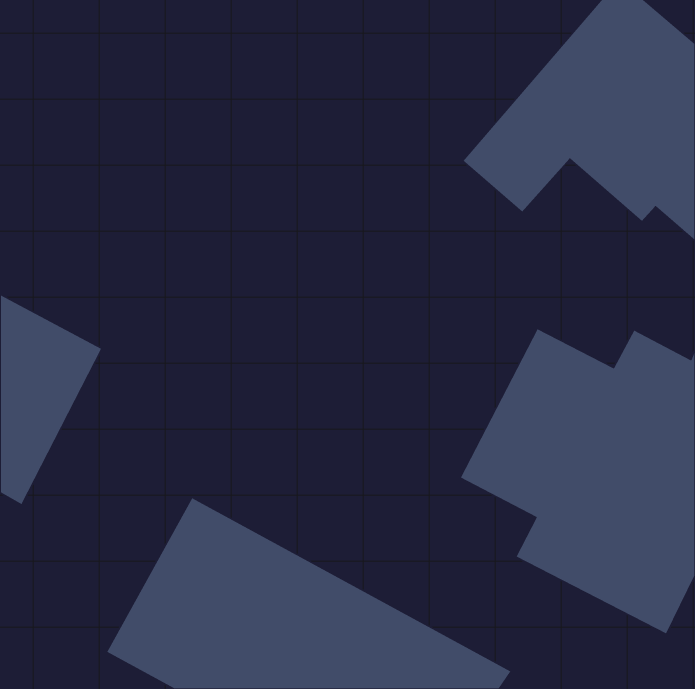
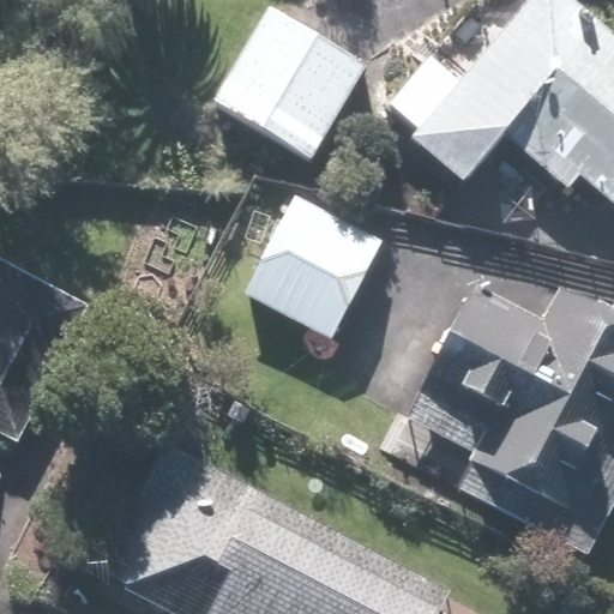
building: none -> [212,7,369,162]
building: none -> [241,193,384,344]

